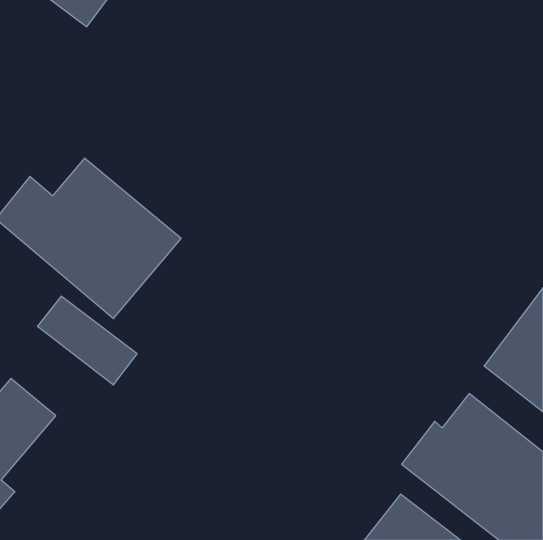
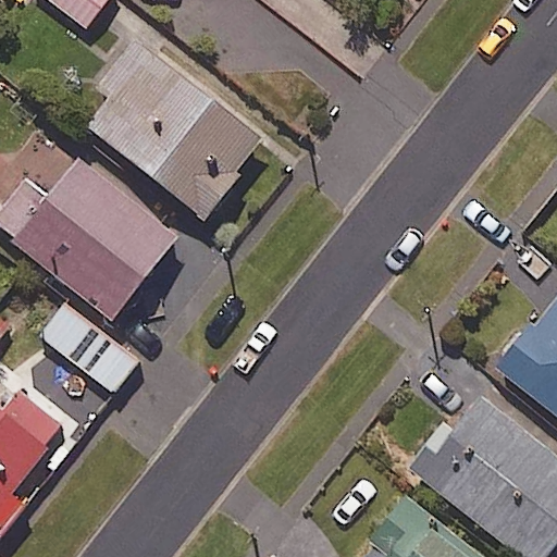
building: none -> [92,41,269,220]

